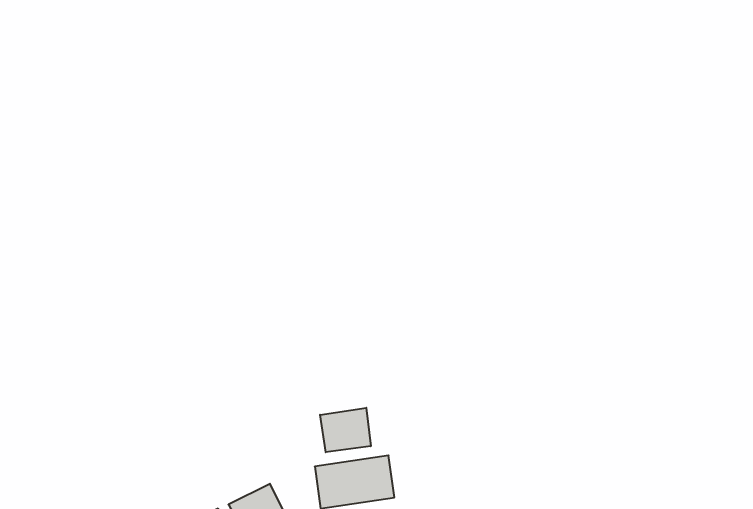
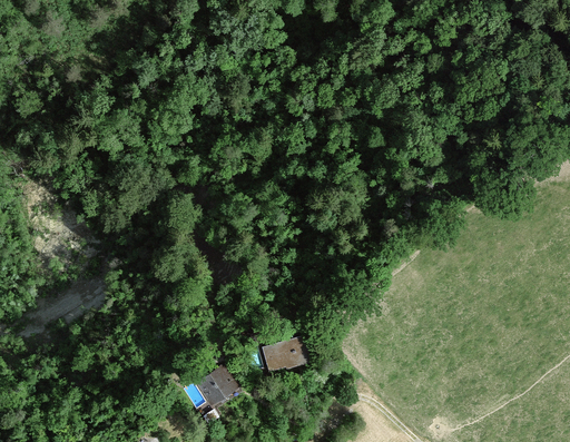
building: [320,408,371,452] -> none

